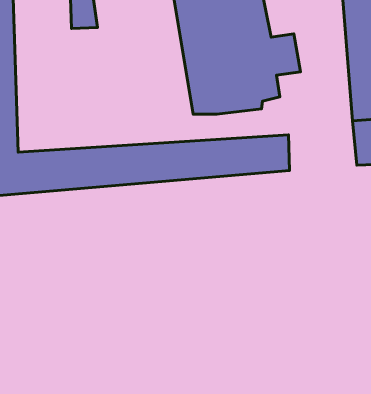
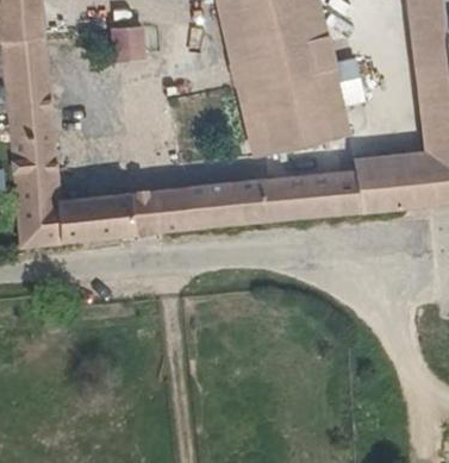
building: none -> [351,162,426,217]

